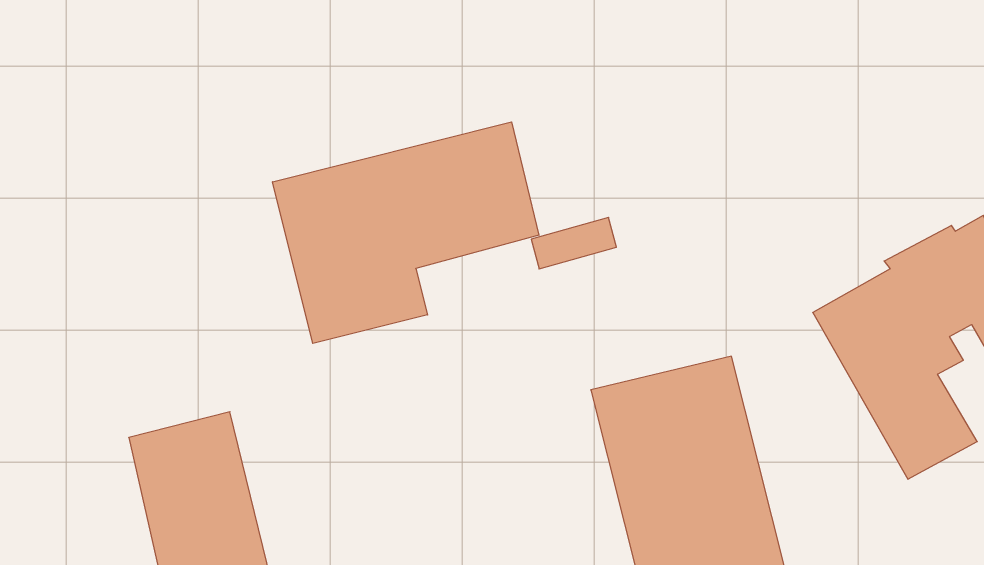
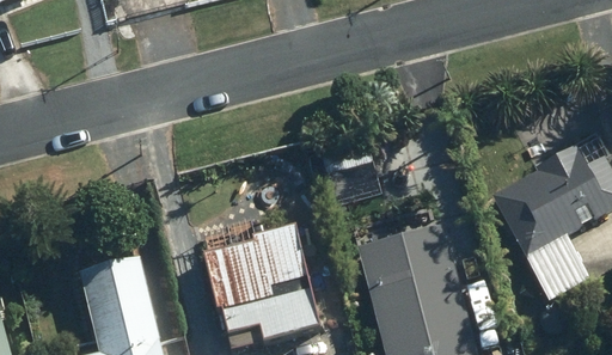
building: [273,122,539,343] -> none
building: none -> [202,226,319,341]

